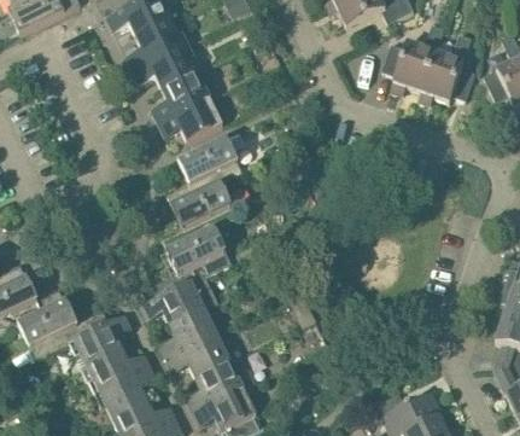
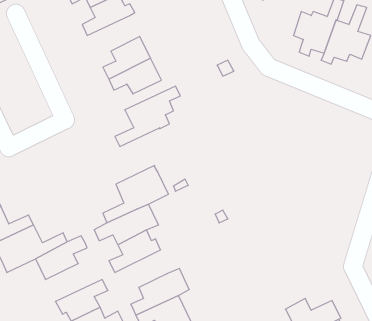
building: [133,42,197,89] -> none
building: [160,182,238,251] -> none
building: [166,331,230,377] -> none
building: [82,348,151,394] -> none

